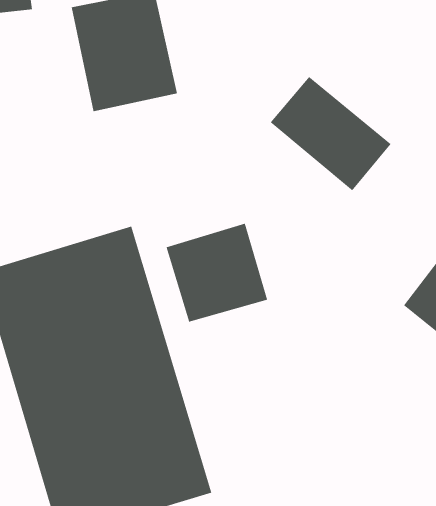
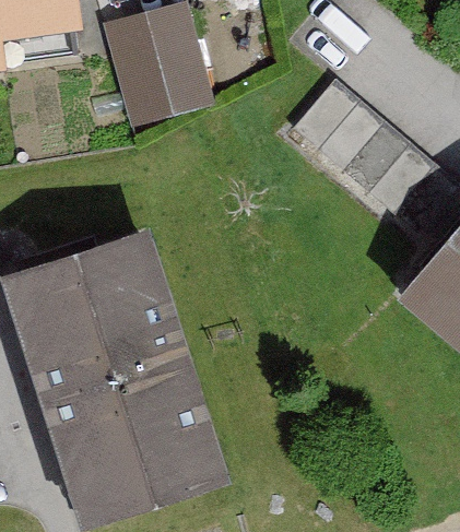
building: [166,223,268,323] -> none

